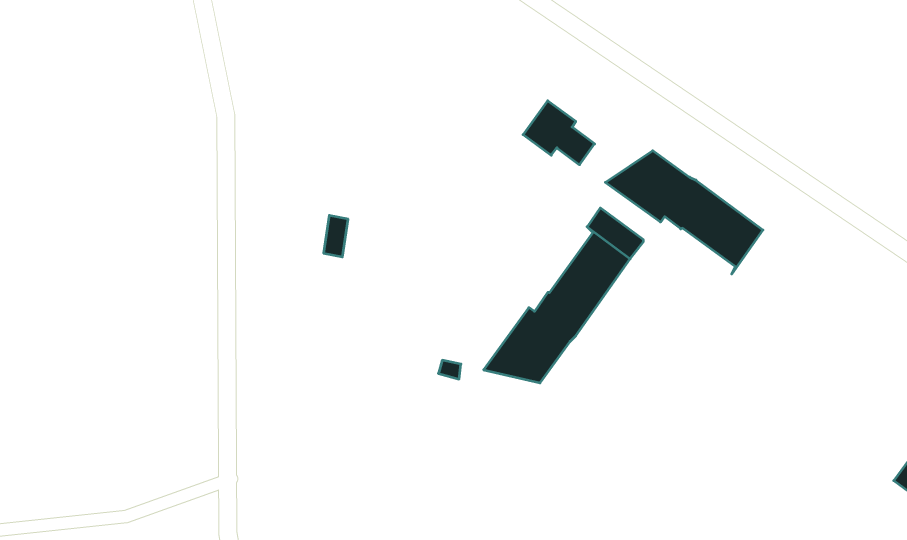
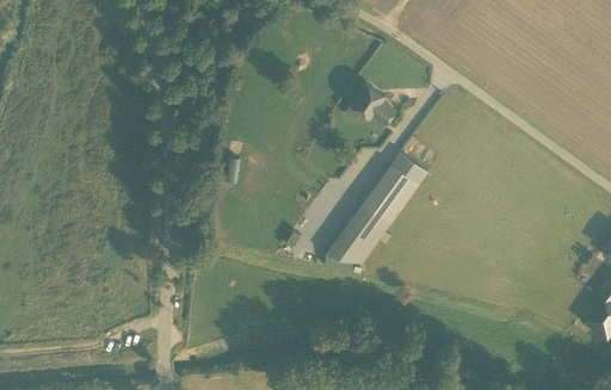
building: [605,151,763,274] -> none

